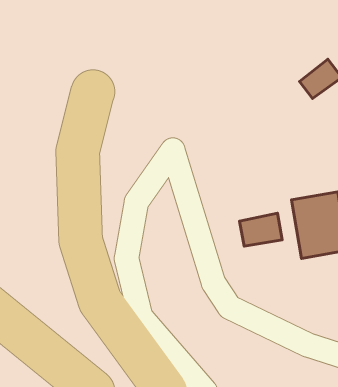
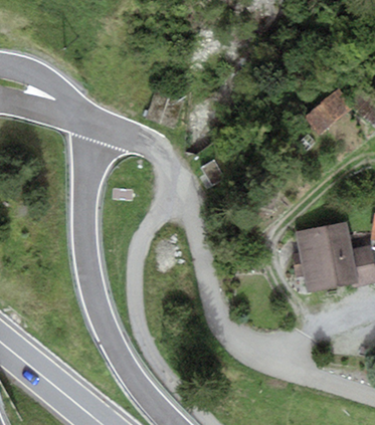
building: [240,213,282,246] -> none

